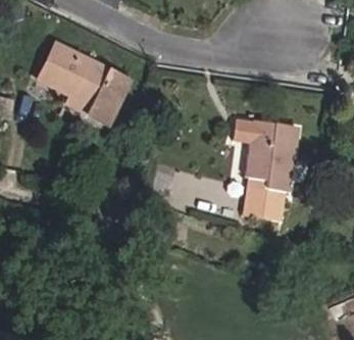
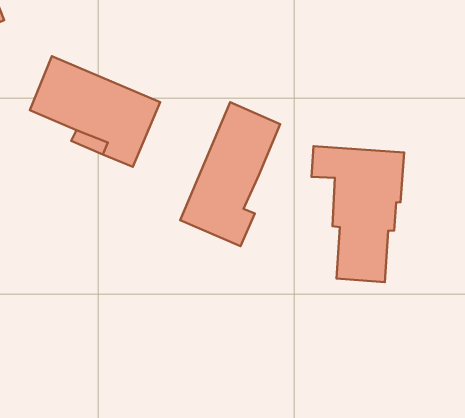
building: none -> [180,102,280,246]

